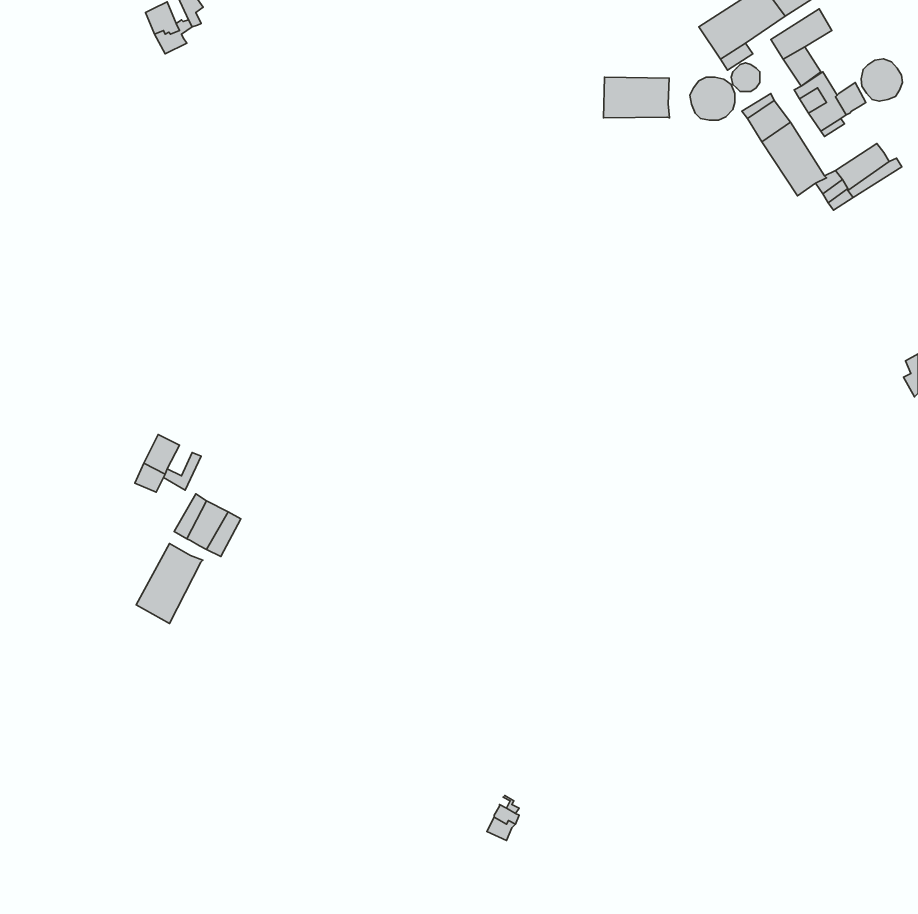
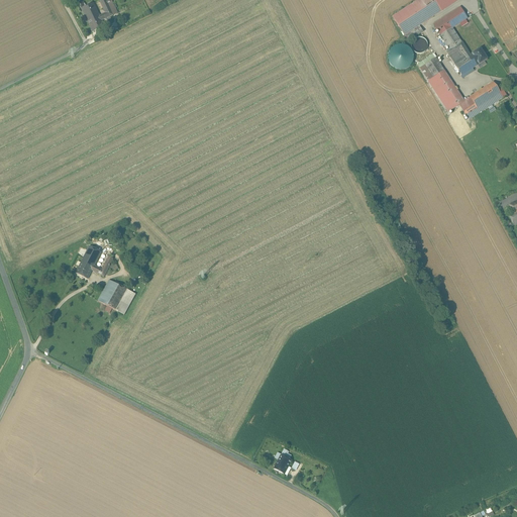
building: [861,59,902,101] -> none
building: [603,77,670,118] -> none
building: [136,543,203,624] -> none

